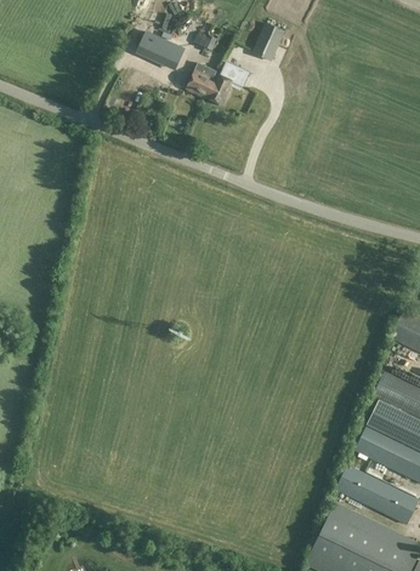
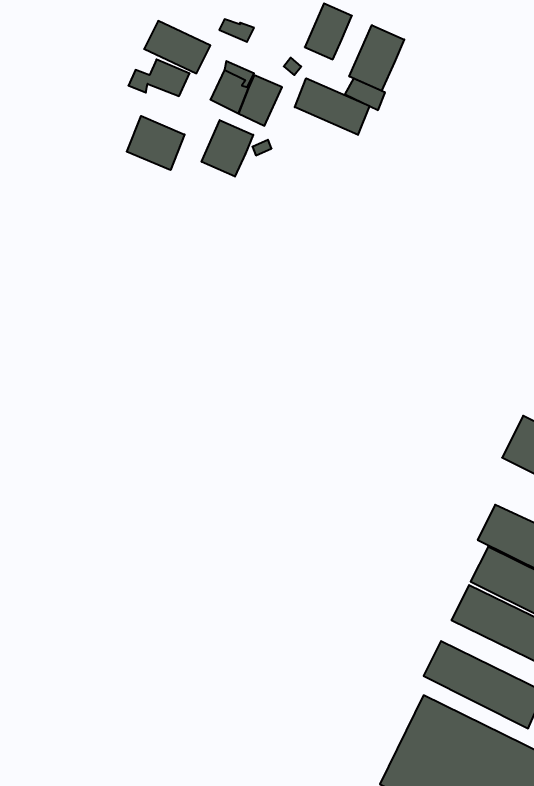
building: none -> [349,25,404,91]
building: none -> [295,78,370,135]
building: none -> [127,116,185,170]
building: none -> [202,120,253,177]

